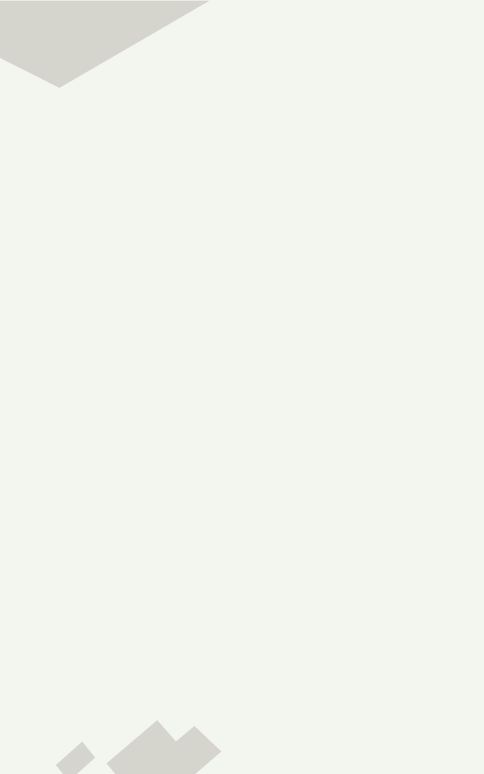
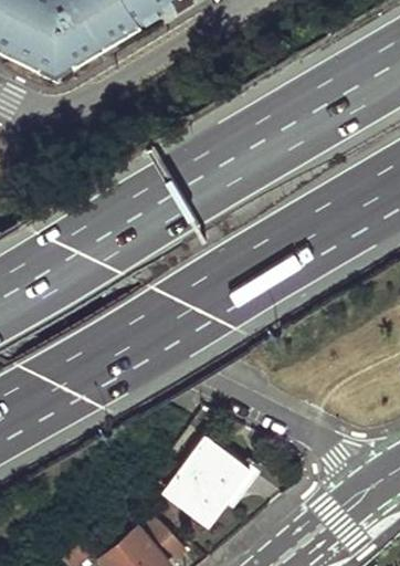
building: none -> [164,436,250,526]

